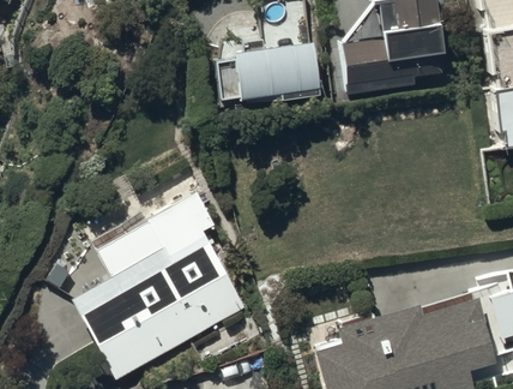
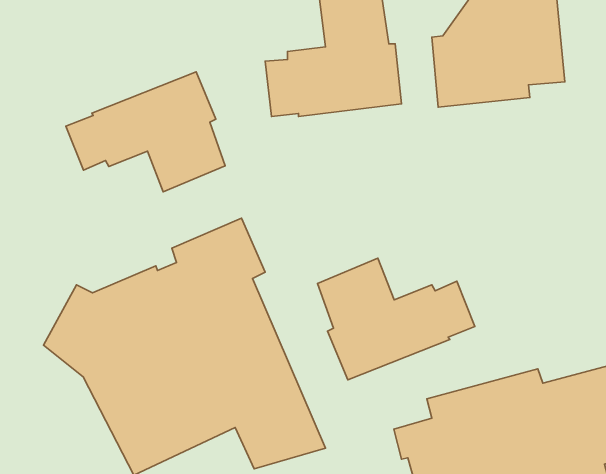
building: none -> [66,72,225,192]
building: none -> [317,258,475,380]

